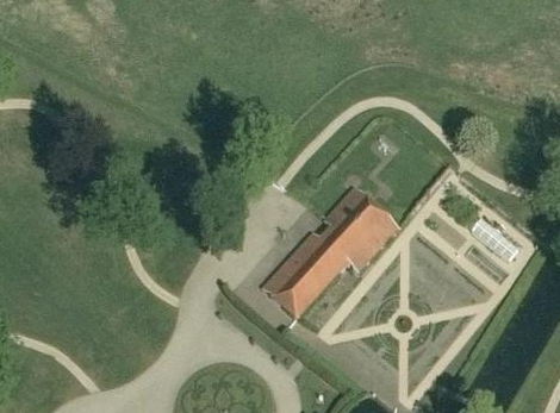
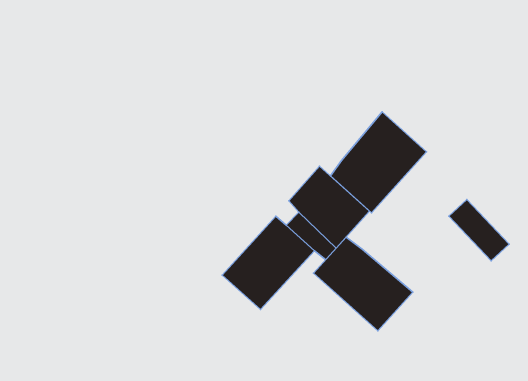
building: none -> [330,112,426,213]
building: none -> [314,237,413,331]

